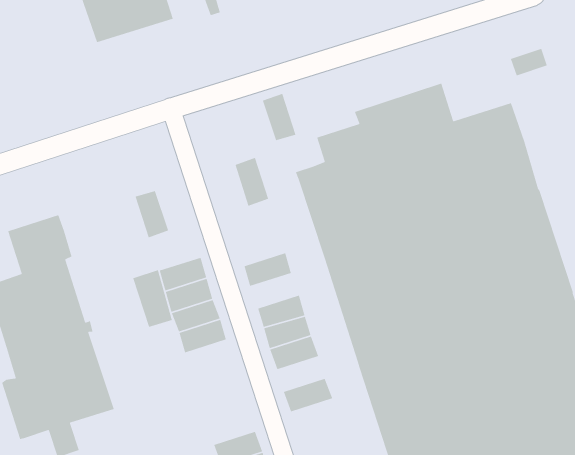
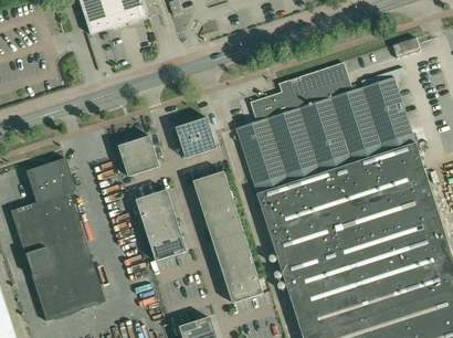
building: [262,93,297,141] -> [176,122,201,157]
building: none -> [134,135,159,170]
building: none -> [192,170,229,196]
building: [132,269,173,328] -> none
building: none -> [202,201,239,226]
building: none -> [222,262,257,287]

